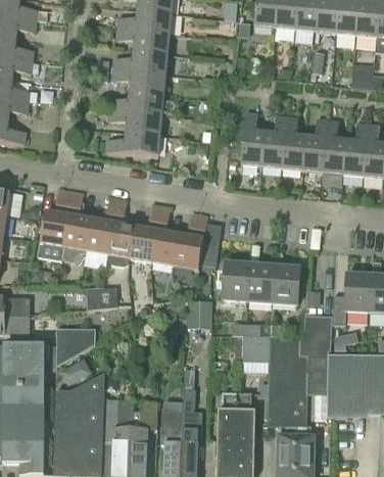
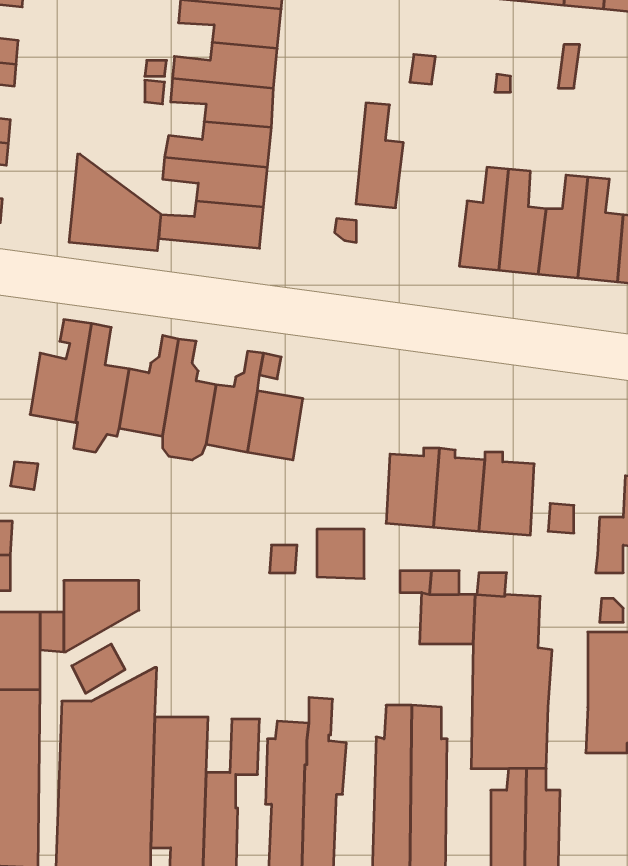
building: none -> [69,154,161,251]
building: [240,111,265,165] -> [356,103,403,208]
building: [175,216,221,270] -> none
building: [86,285,117,308] -> none
building: [301,314,332,393] -> none

